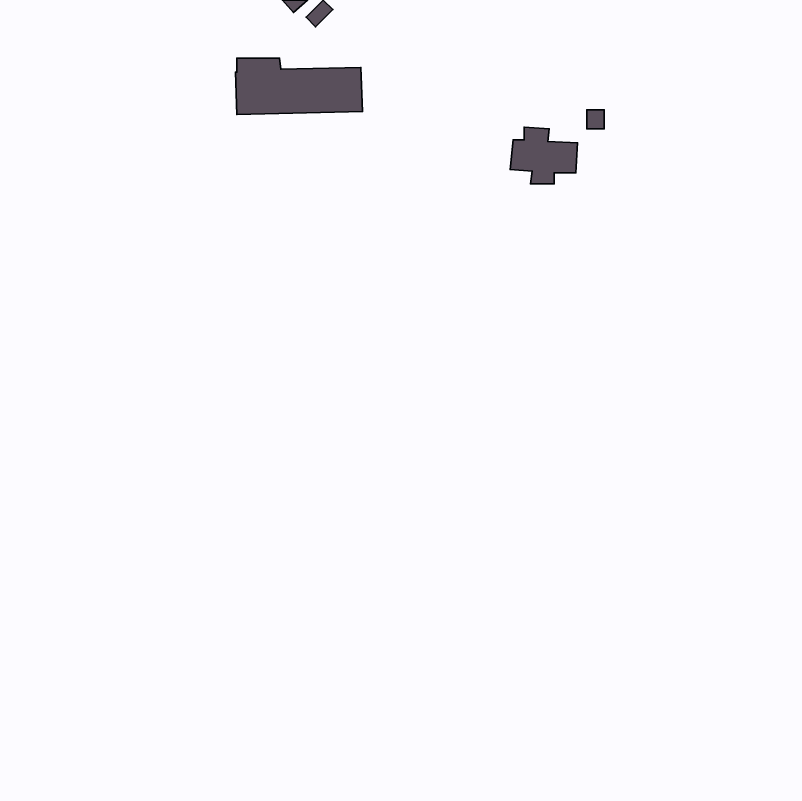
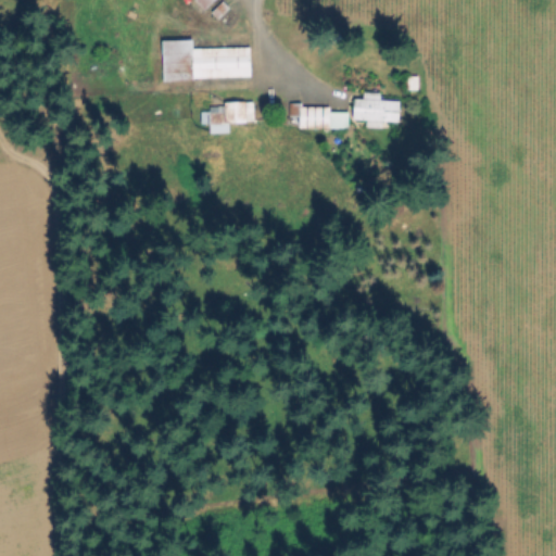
building: none -> [200,102,245,135]
building: none -> [289,103,349,129]

